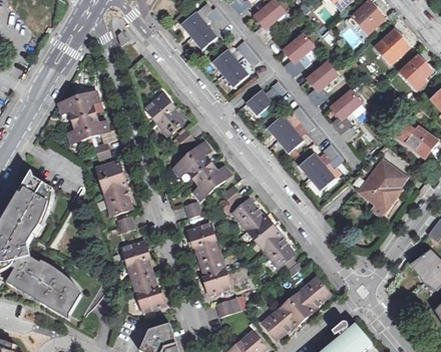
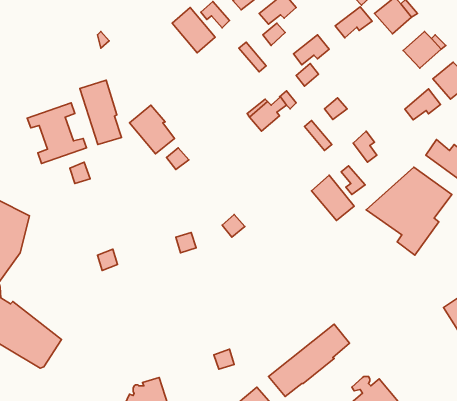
building: [211,49,248,87] -> none
building: [306,62,337,88] -> [335,7,372,38]
building: [330,90,360,116] -> [405,89,440,120]
building: [267,115,303,153] -> none
building: [173,142,230,199] -> none
building: [96,160,131,215] -> [80,80,121,145]
building: [232,199,301,276] -> none
building: [187,223,231,294] -> none
building: [121,241,164,312] -> none

